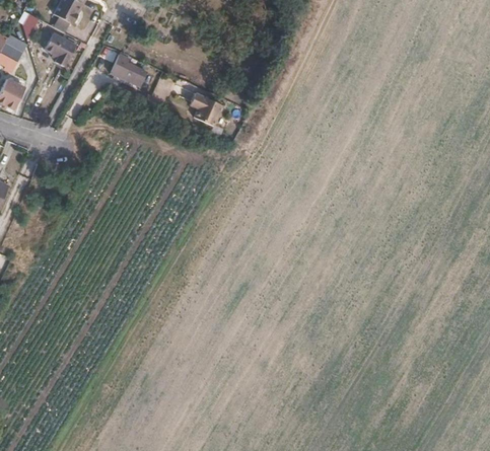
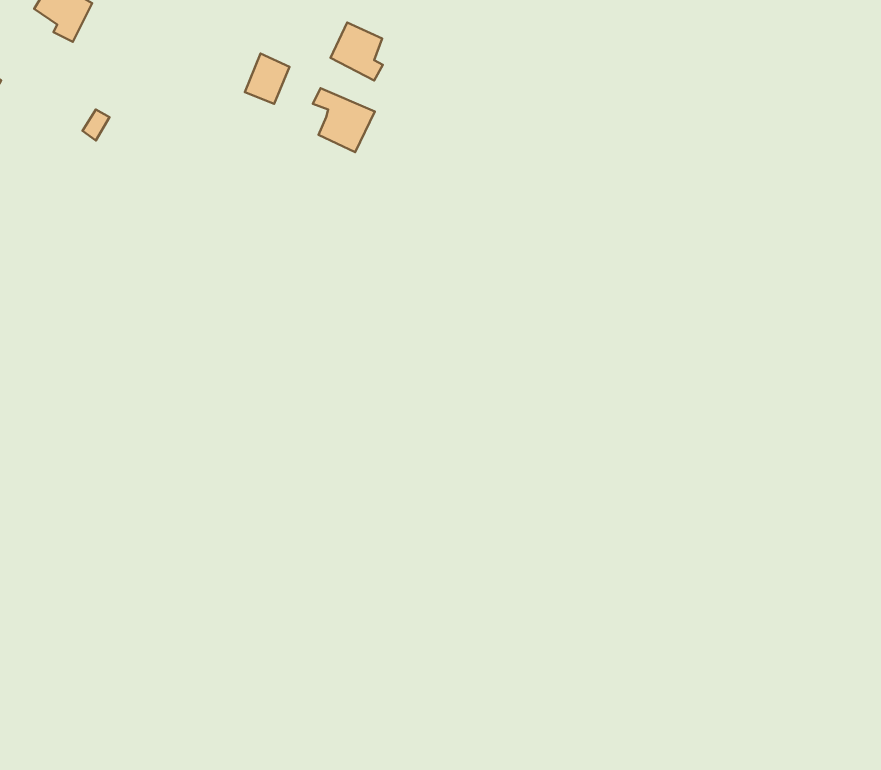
building: [111,53,146,85] -> none
building: none -> [330,22,383,81]

